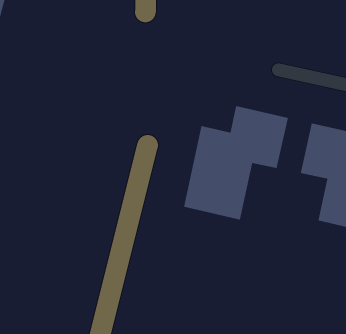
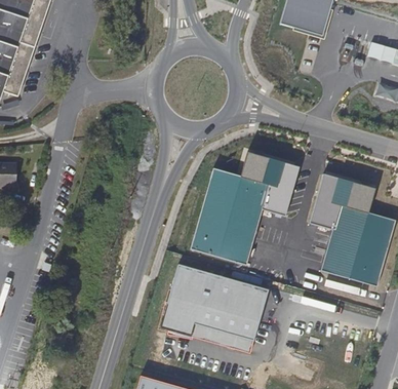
building: none -> [162,266,268,353]

